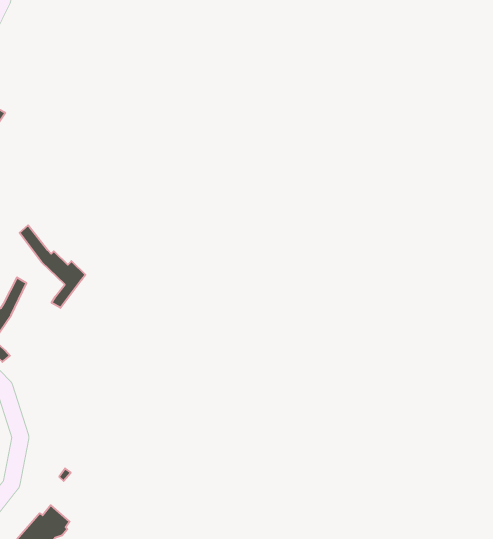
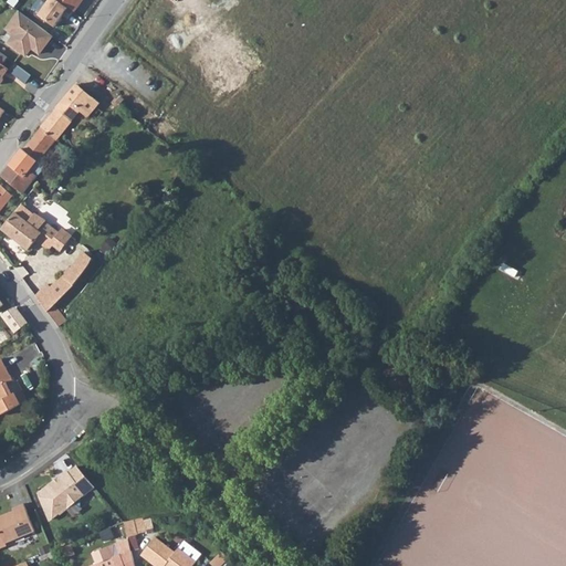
building: [20,225,85,308] -> none

